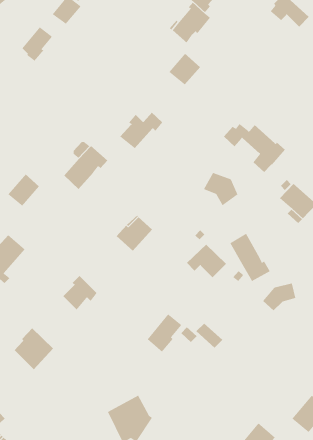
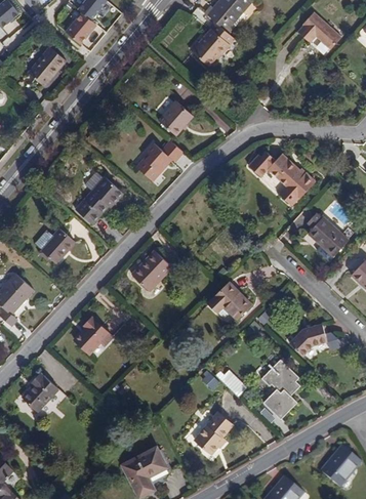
building: [169,53,201,85] -> [158,100,193,135]
building: [203,172,238,206] -> none
building: [7,173,40,207] -> [40,227,75,263]
building: [229,233,270,282] -> none
building: [147,314,182,353] -> [195,412,233,454]
building: none -> [261,359,300,419]

